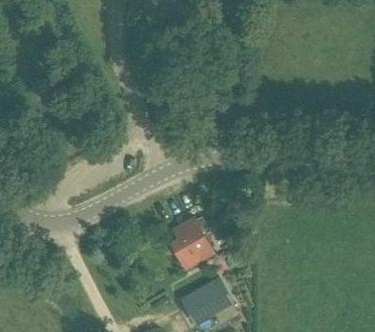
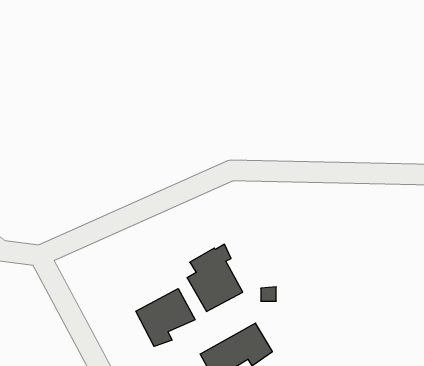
building: none -> [136,289,195,346]

